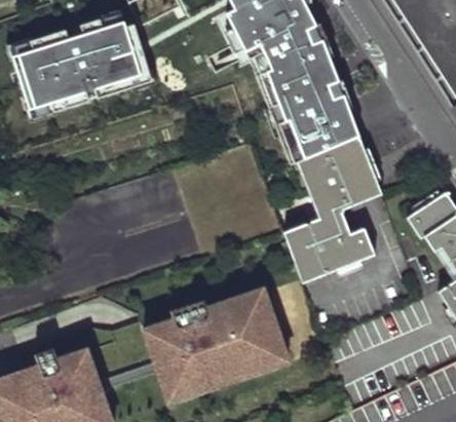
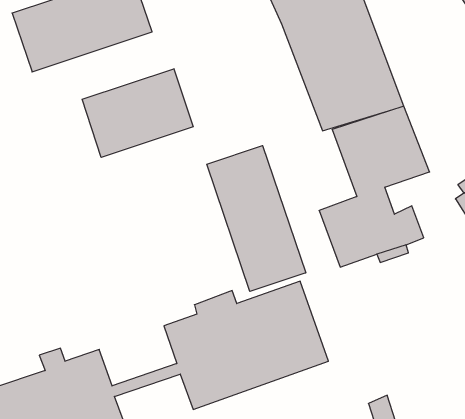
building: none -> [82,69,193,157]
building: none -> [207,146,306,291]

